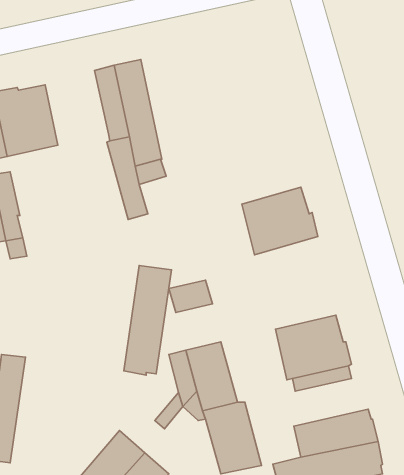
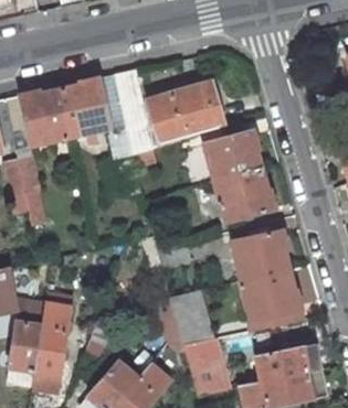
building: none -> [60,77,109,141]
building: none -> [147,83,218,143]
building: none -> [203,129,261,182]
building: none -> [232,229,288,280]
building: [124,266,172,375] -> [32,302,70,388]

